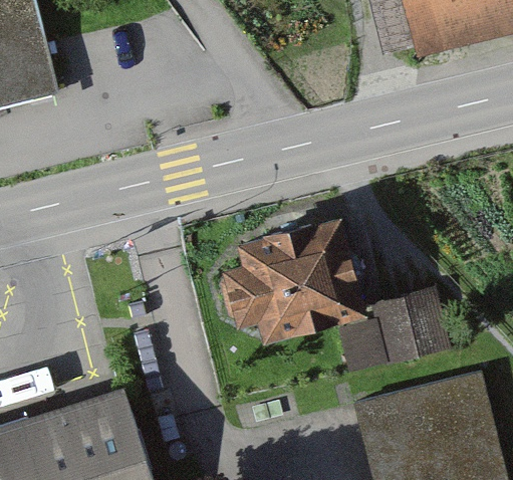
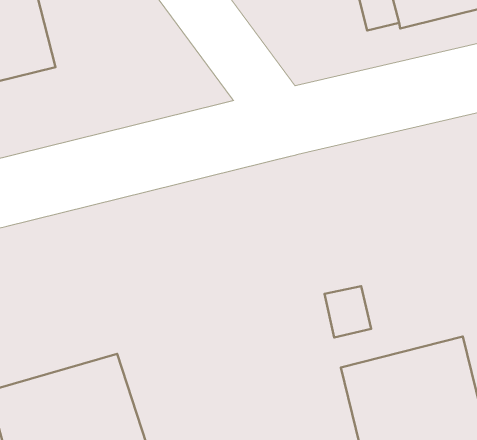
building: [222,211,367,335] -> none
building: [372,290,447,364] -> none

